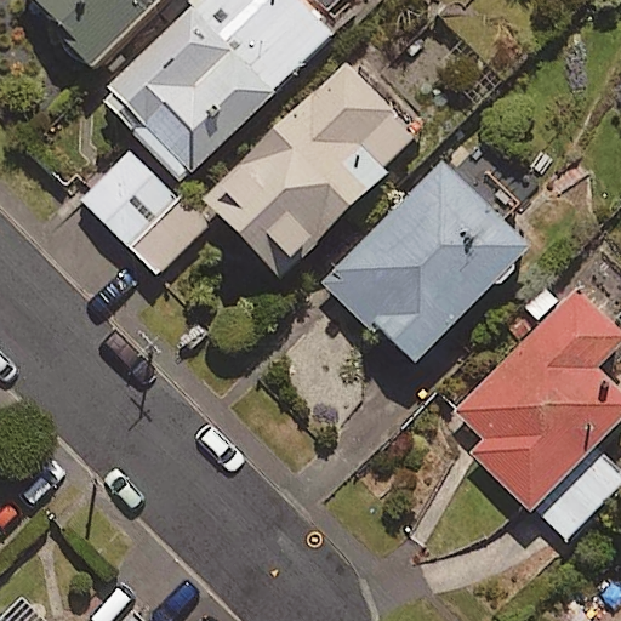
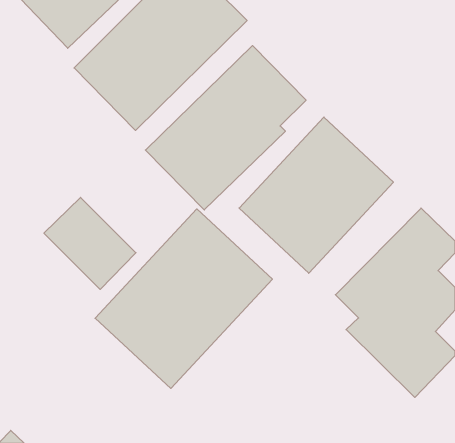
building: [80,146,205,270] -> [44,197,136,289]
building: none -> [95,209,272,388]

